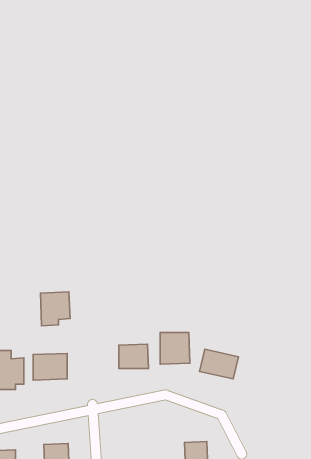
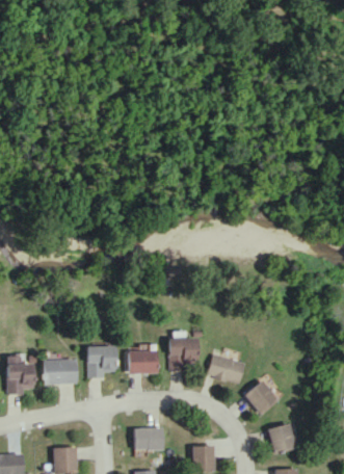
building: [40,292,70,326] -> [86,345,115,378]
building: none -> [244,379,279,414]
building: none -> [267,423,297,454]
building: none -> [133,427,162,450]

